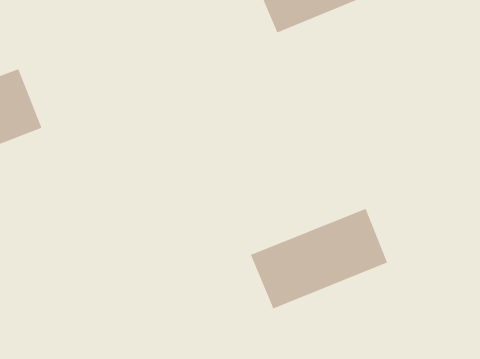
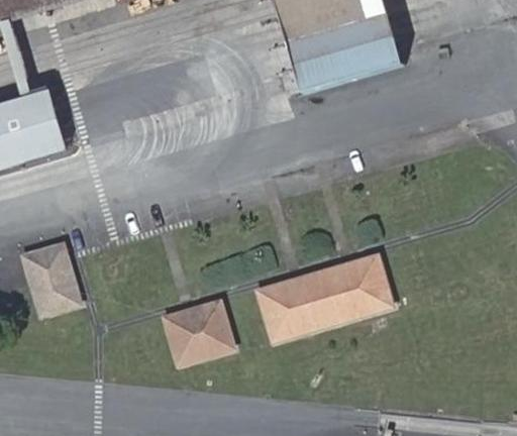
building: none -> [19,234,78,309]
building: none -> [170,302,228,362]

